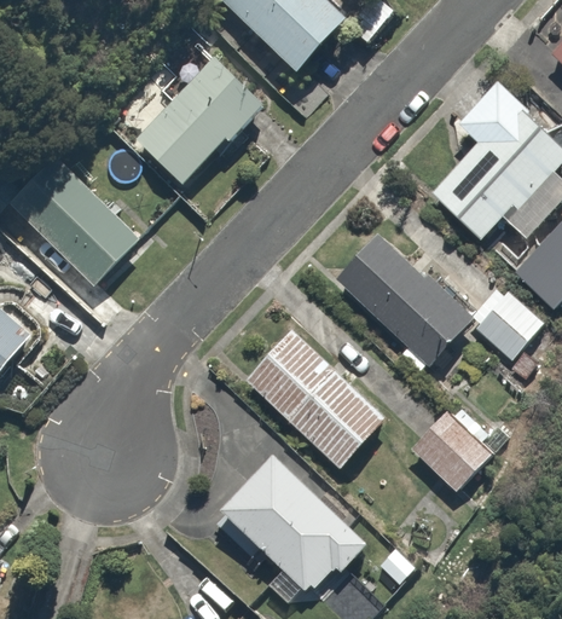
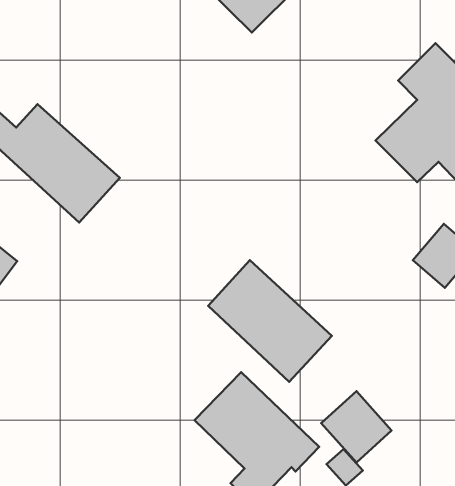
building: [133,56,268,184] -> none
building: [336,235,473,377] -> none
building: [413,411,493,492] -> [321,391,392,463]

